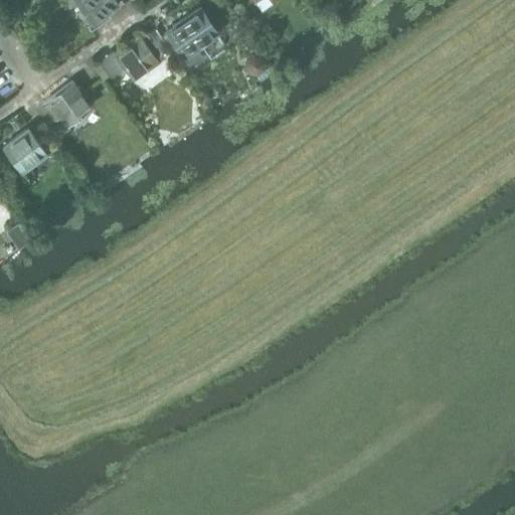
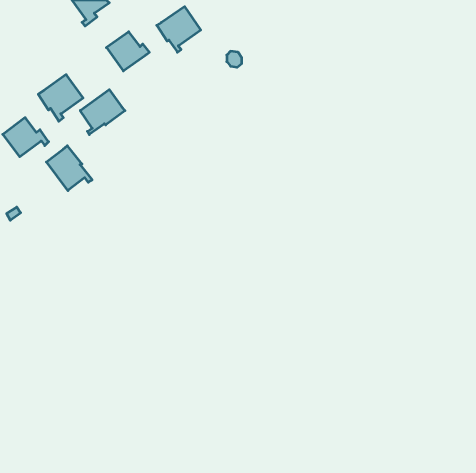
building: none -> [80,90,125,135]
building: none -> [46,146,92,191]

